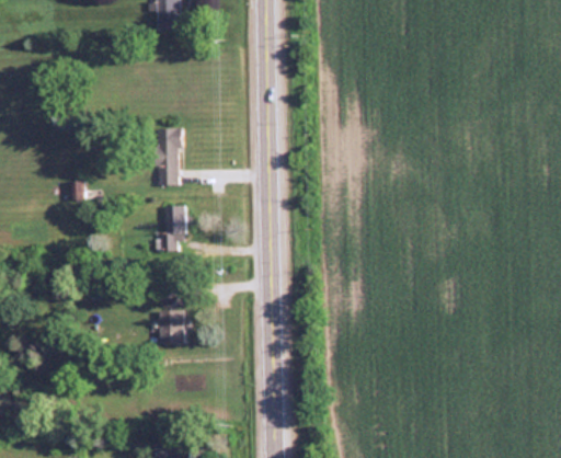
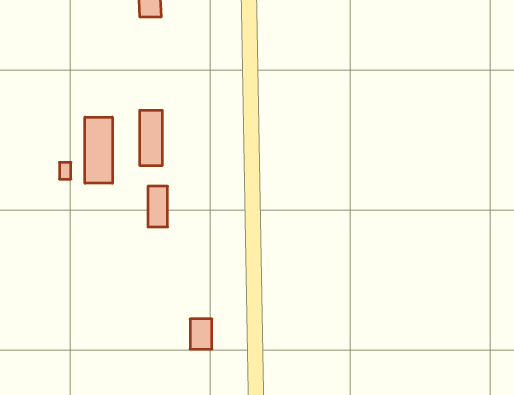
building: none -> [85,117,112,183]
building: [158,311,181,343] -> [190,319,212,349]

